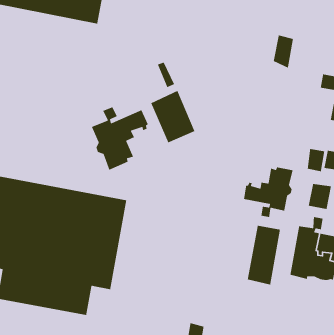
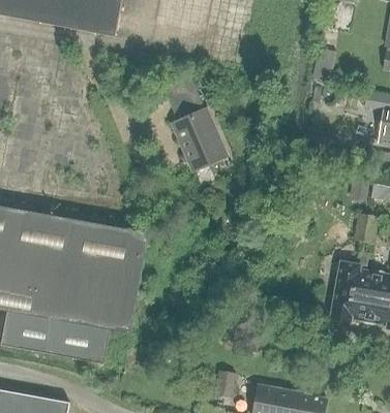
building: [91,106,149,171] -> none
building: [243,166,294,218] -> none
building: [247,225,281,285] -> none

